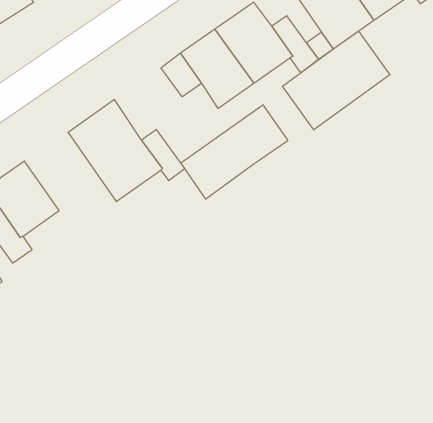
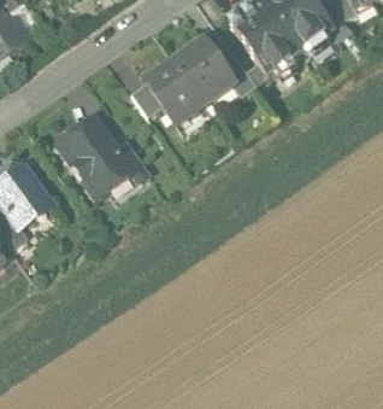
building: [282,31,390,130] -> none
building: [181,105,288,199] -> none

